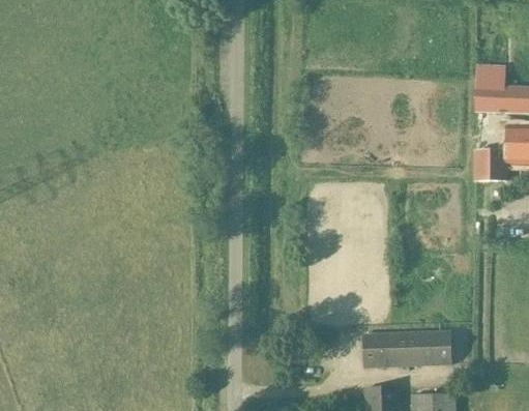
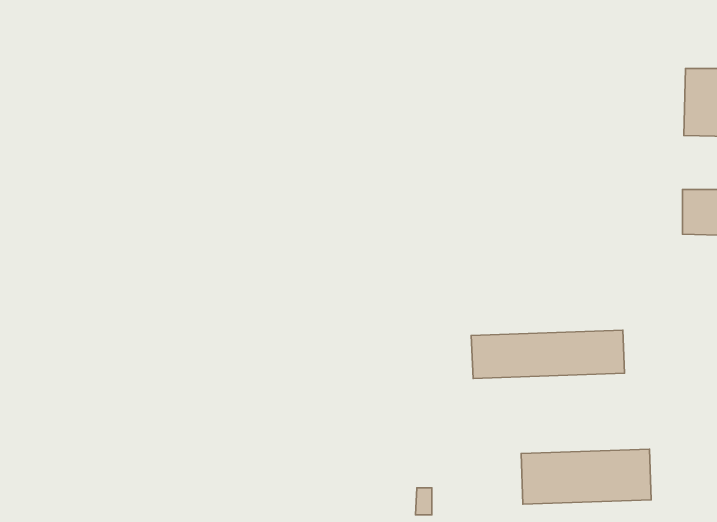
building: none -> [471,330,625,379]

